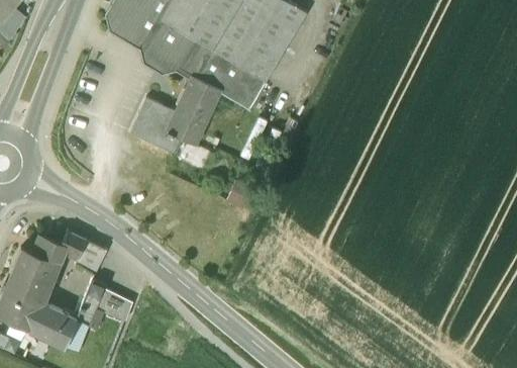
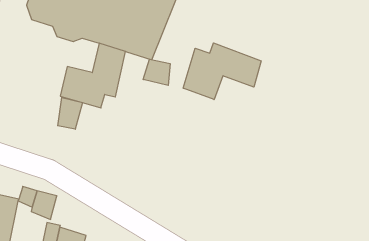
building: none -> [183,43,261,100]
building: none -> [143,59,170,85]
building: none -> [58,98,83,129]

